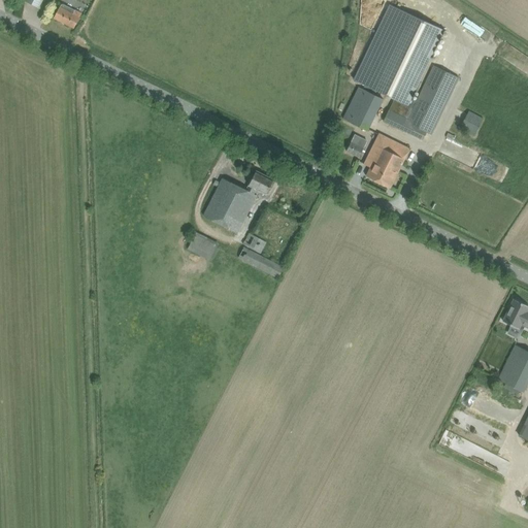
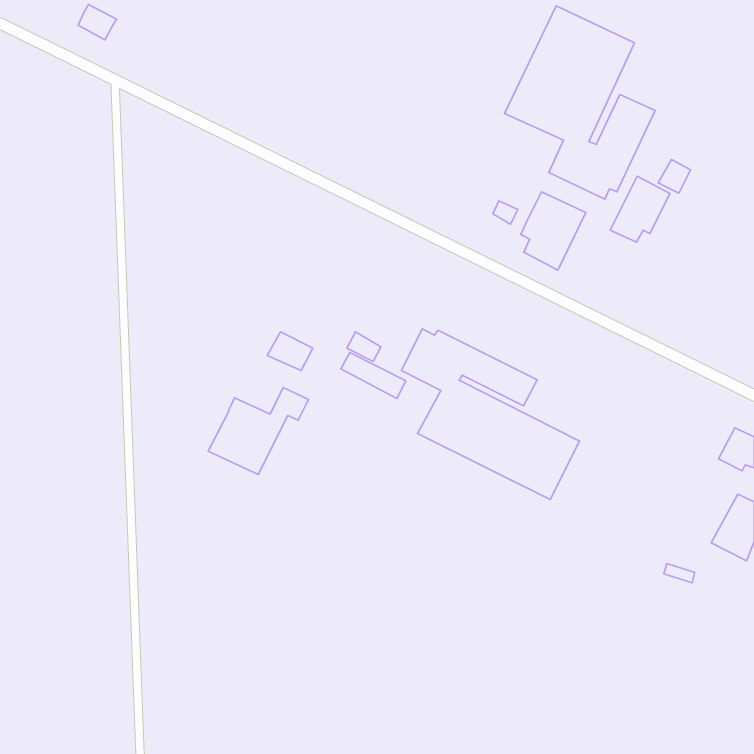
building: [343,88,383,131] -> none
building: none -> [610,176,670,242]
building: [203,171,273,232] -> [208,388,308,475]
building: none -> [401,329,579,499]

